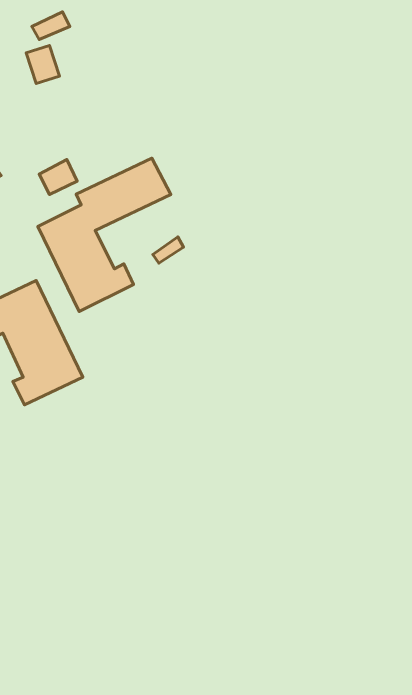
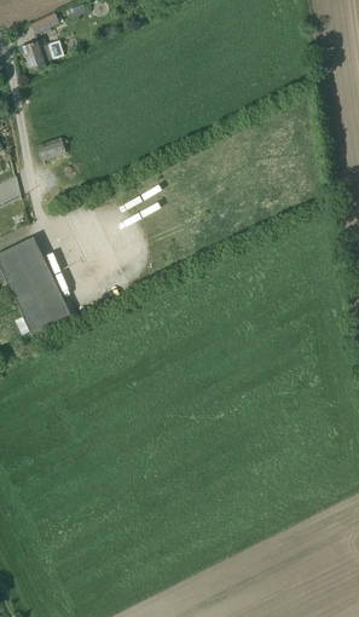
building: [38,158,171,312] -> none

